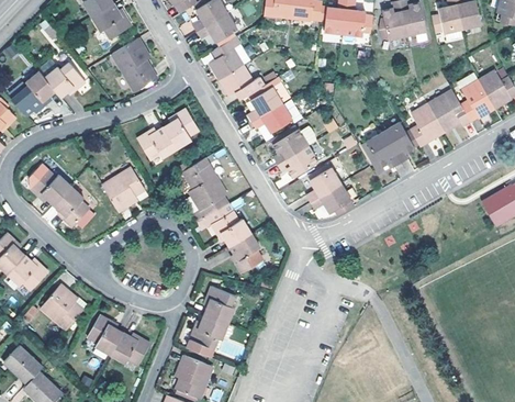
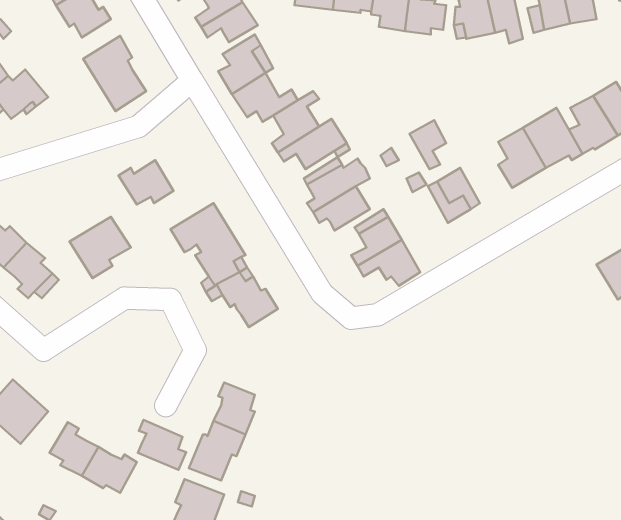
building: [163,108,199,148] -> none
building: [381,122,407,157] -> [410,120,446,169]
building: [229,233,262,272] -> none
building: none -> [138,420,186,470]

